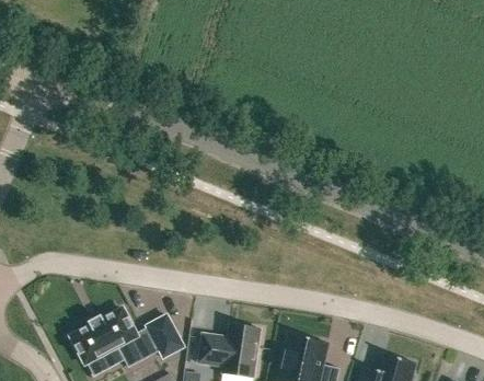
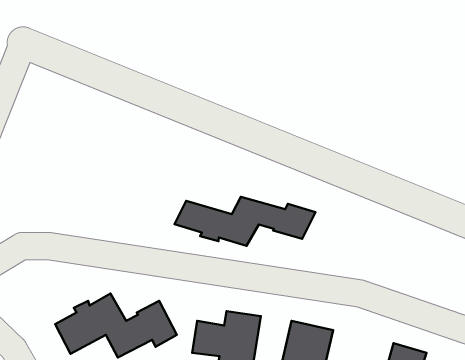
building: none -> [174,197,315,246]

